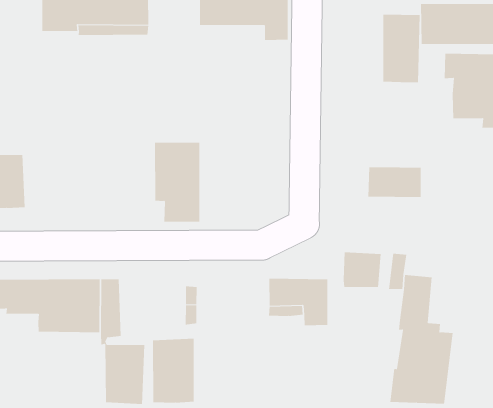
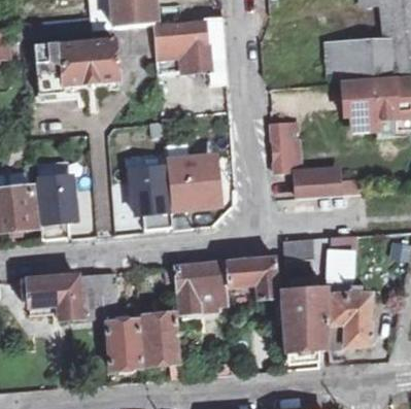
building: [382,14,420,83] -> [271,120,303,173]
building: none -> [166,154,219,207]
building: none -> [36,173,75,237]
building: none -> [175,264,227,314]
building: none -> [275,273,329,350]

